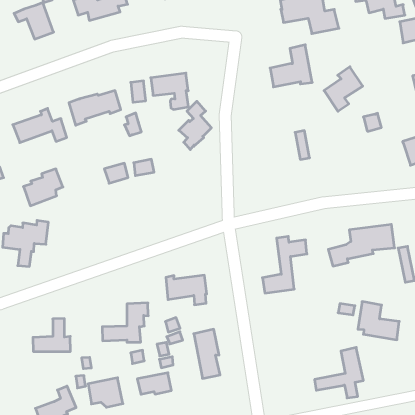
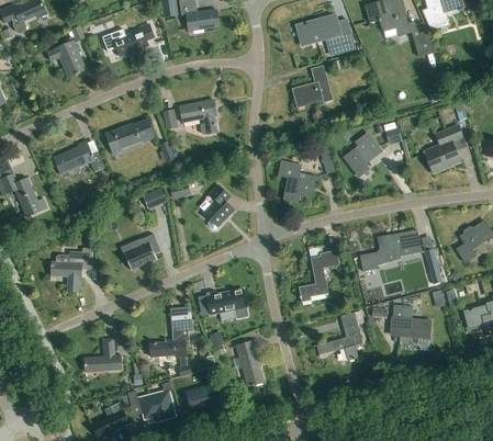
building: [324,67,363,111] -> [344,133,380,176]
building: [179,101,211,150] -> [202,183,233,229]
building: none -> [278,160,314,202]
building: [23,169,63,206] -> [123,233,160,269]
building: [315,347,363,398] -> [316,312,362,360]

